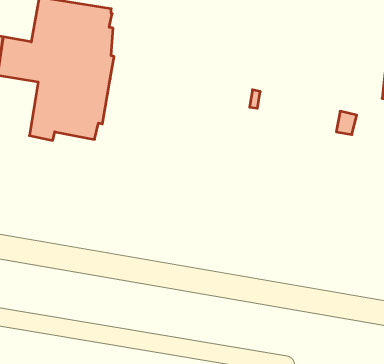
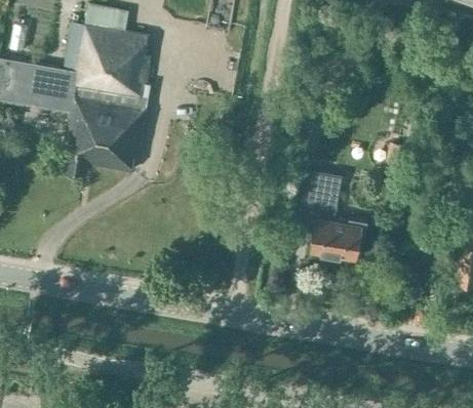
building: none -> [300,171,366,258]

